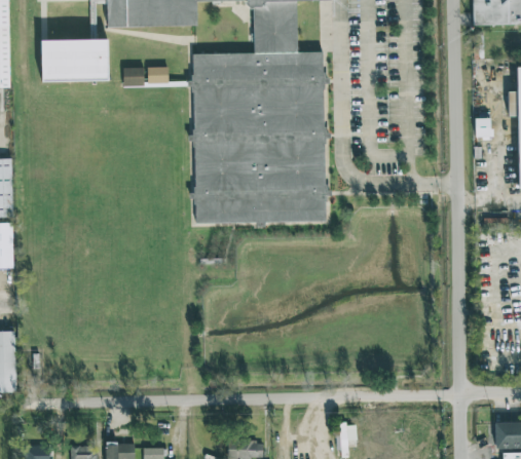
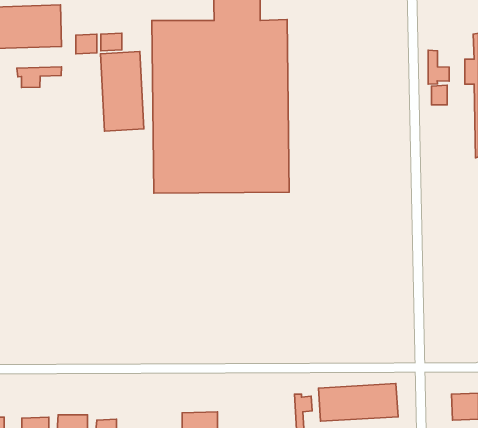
building: none -> [428,50,449,84]
building: none -> [101,52,144,131]
building: none -> [17,67,62,88]
building: none -> [318,384,398,421]

